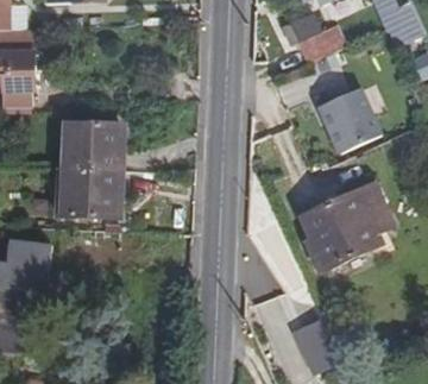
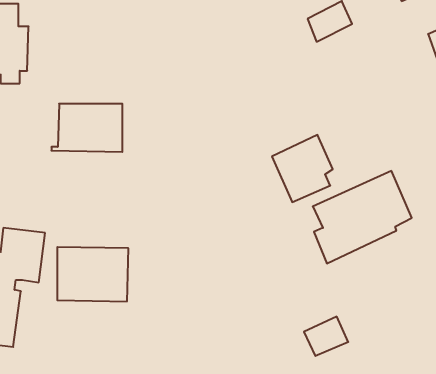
building: [319,89,376,152] -> [272,135,333,202]
building: [57,166,124,218] -> [57,247,128,301]

